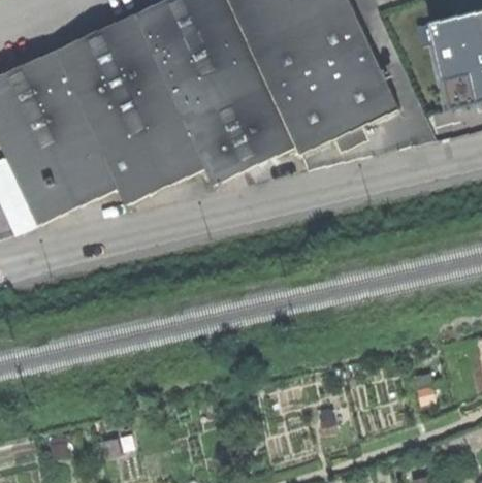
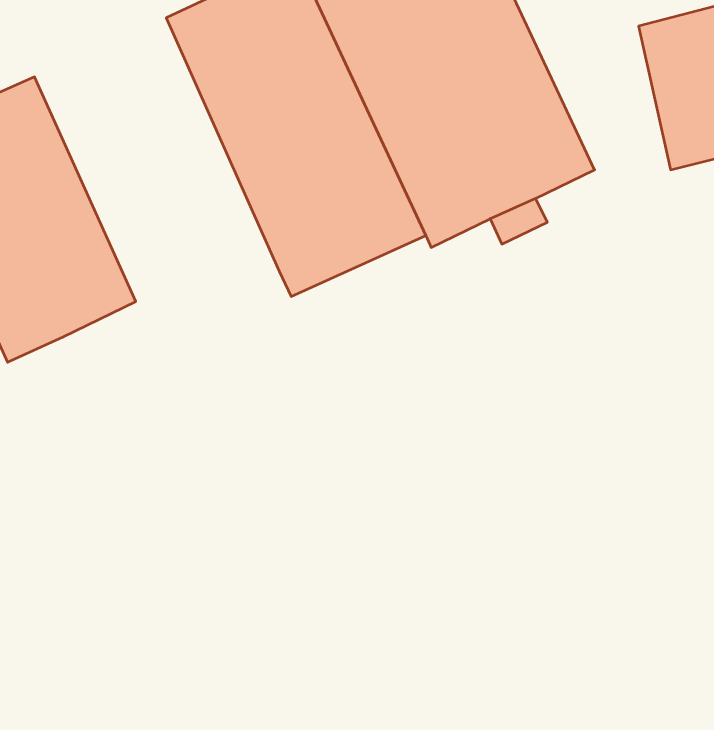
building: [56,13,205,204] -> none

